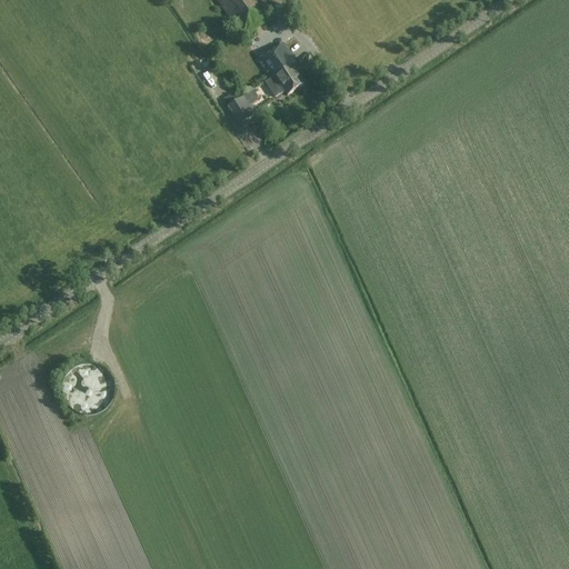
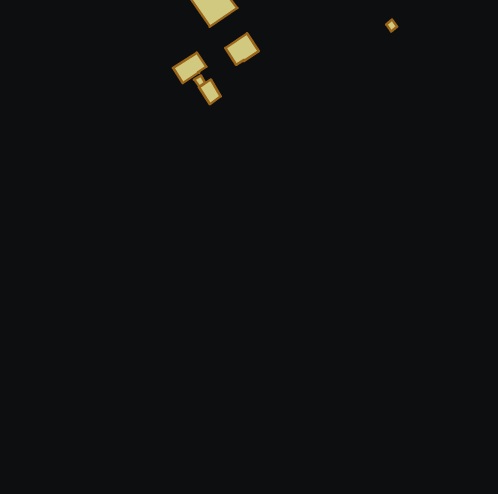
building: [268,58,302,90] -> none
building: none -> [173,53,206,83]

